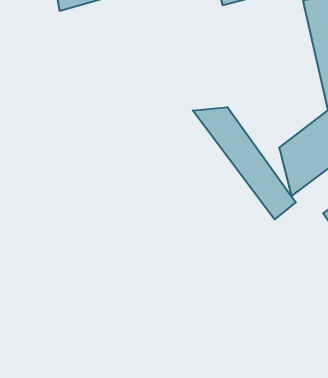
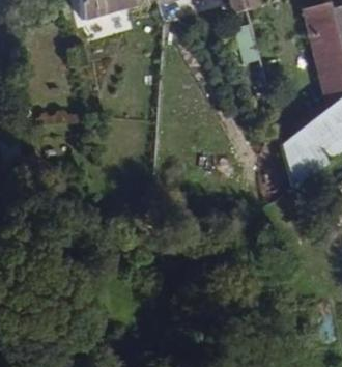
building: [193,107,296,219] -> none

